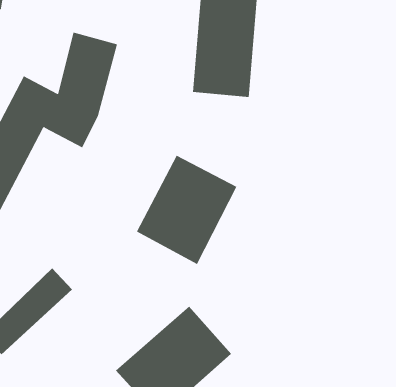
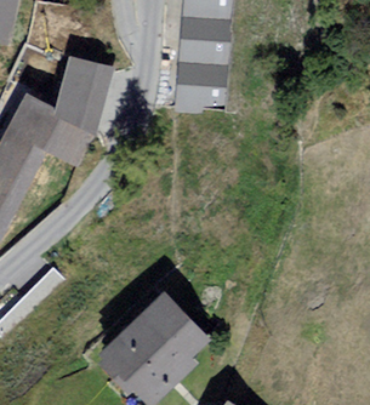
building: [136,155,237,265] -> none

